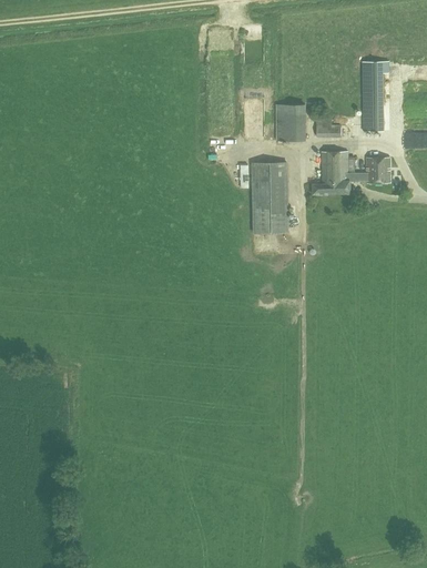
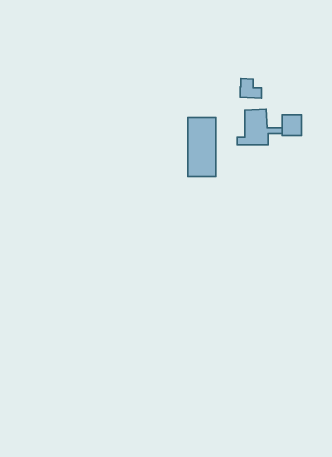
building: [360,61,388,131] -> none
building: [275,104,305,141] -> none

